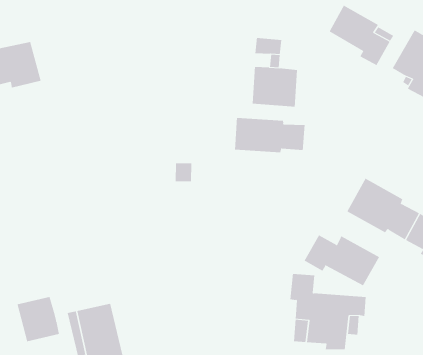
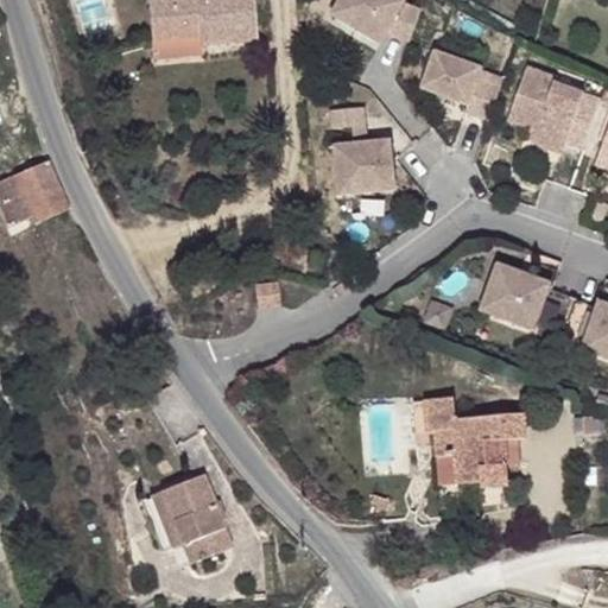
building: [234,117,305,153] -> none
building: [304,235,380,286] -> none
building: [17,296,60,342] -> none

